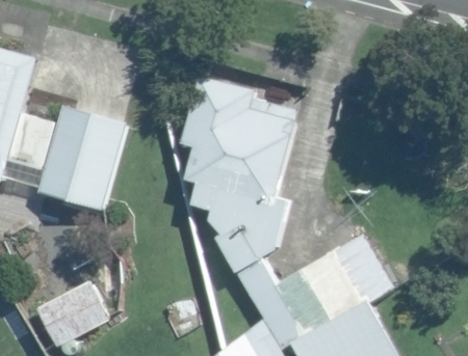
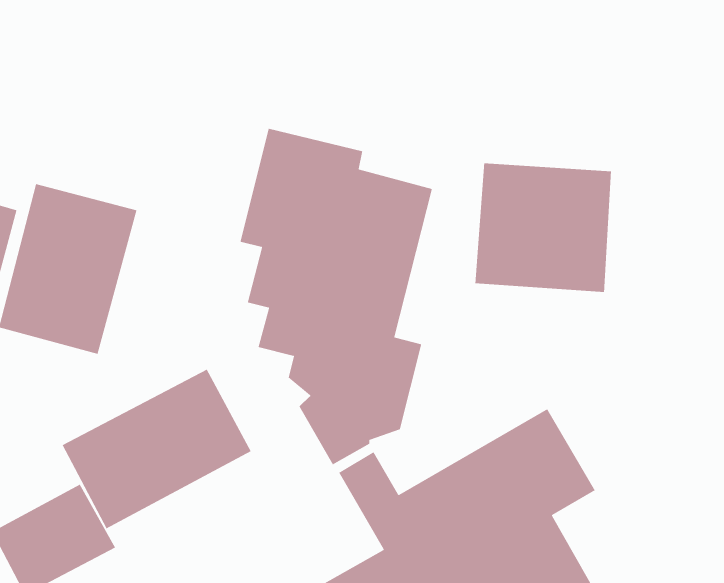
building: none -> [474,162,612,293]
building: none -> [61,368,252,530]

